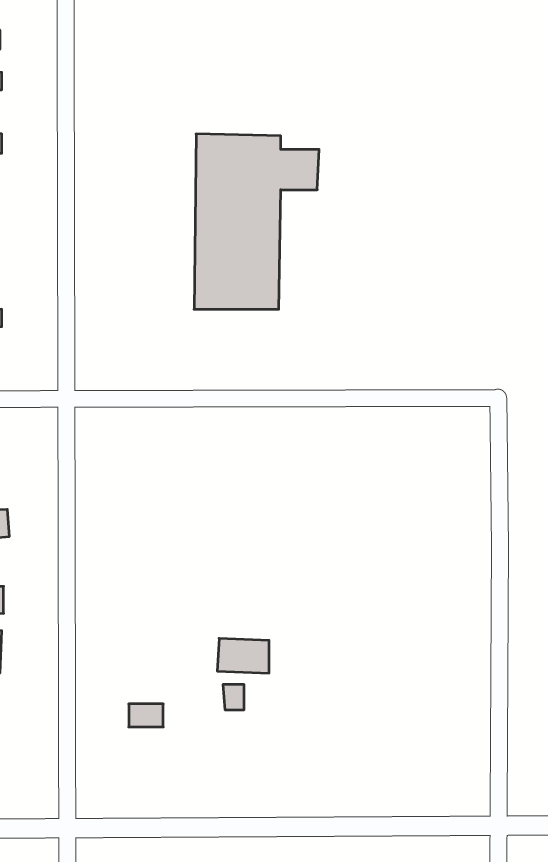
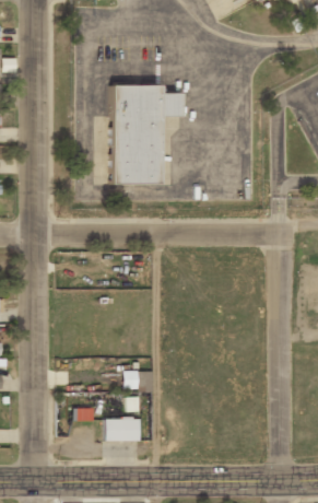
building: none -> [106,418,140,441]

